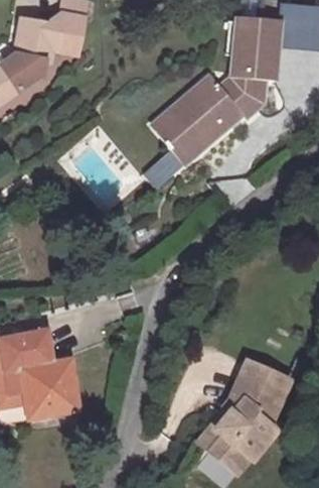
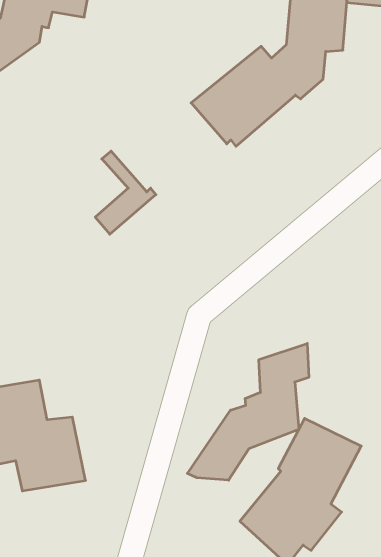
building: [148,121,194,185] -> [95,151,156,234]
building: none -> [187,343,309,480]

